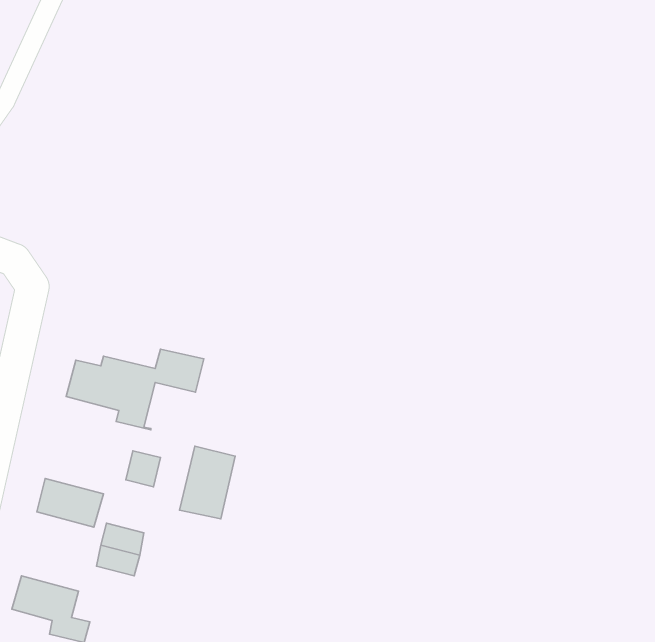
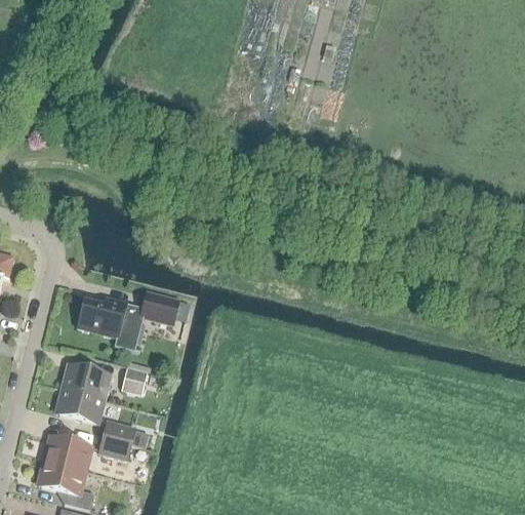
building: [179,446,235,519] -> none
building: none -> [62,363,111,398]
building: none -> [44,434,92,470]

